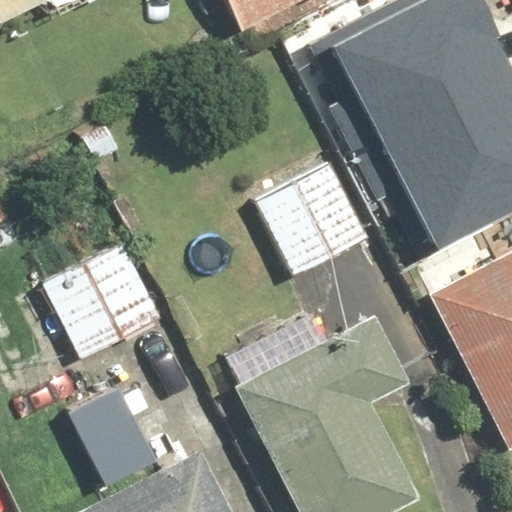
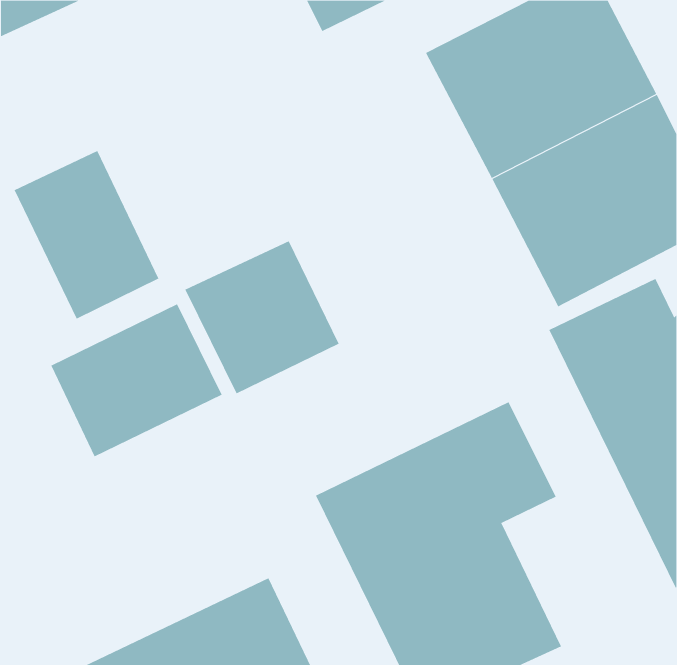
building: none -> [14,150,159,320]
building: [254,160,371,276] -> [184,240,339,394]
building: [67,382,162,488] -> none

